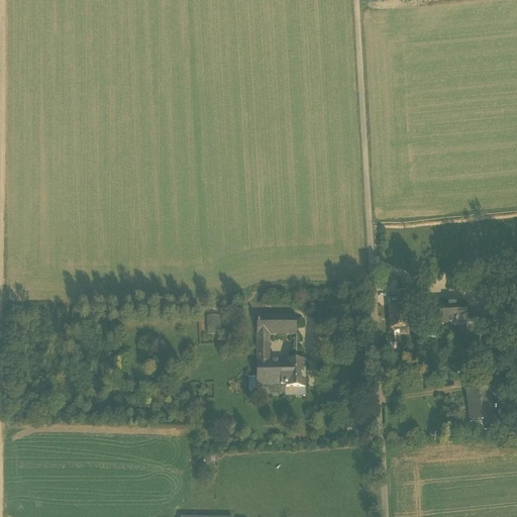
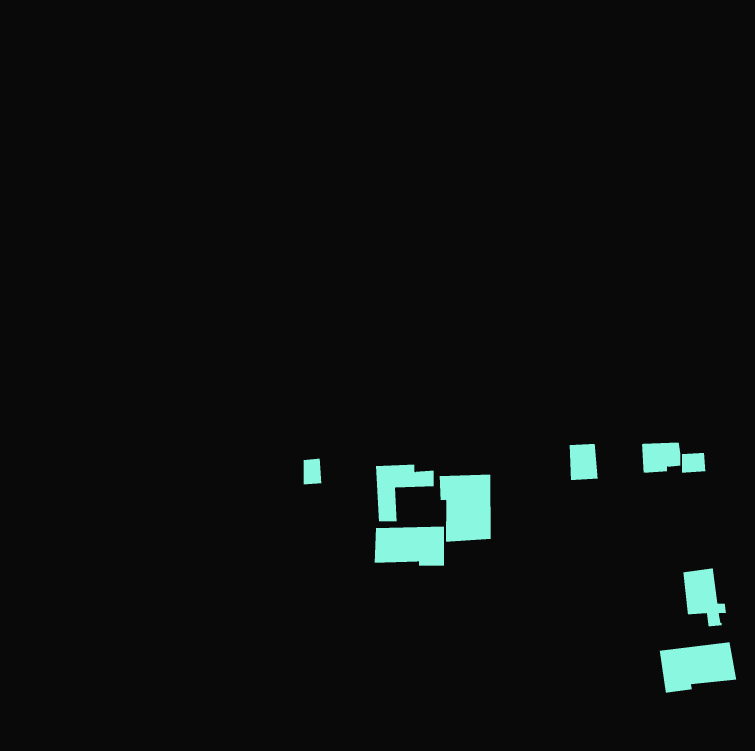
building: none -> [439,474,491,543]
building: none -> [659,642,737,694]

